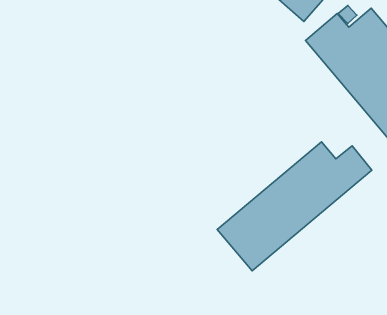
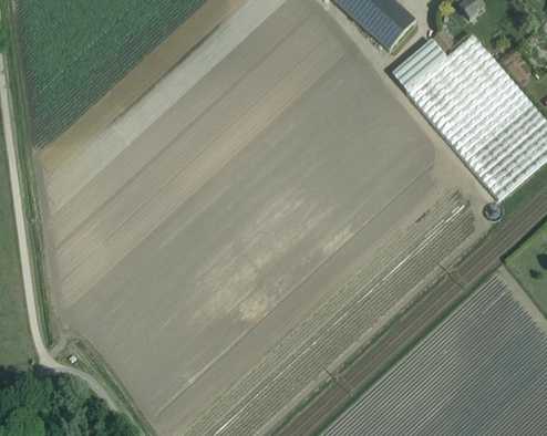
building: [217,142,372,271] -> none

